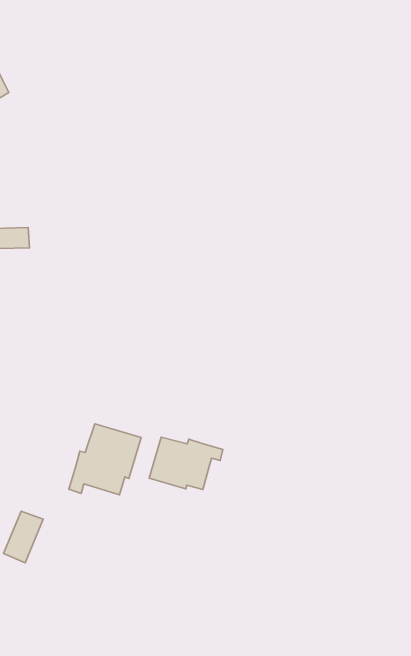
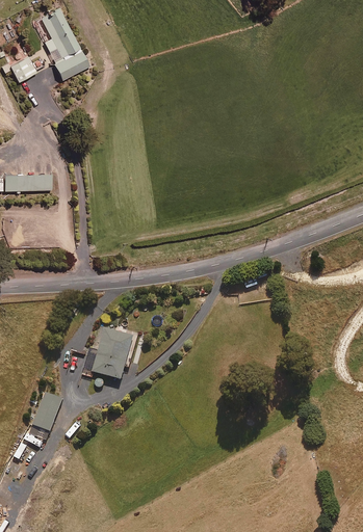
building: none -> [41,8,88,80]
building: [149,437,223,490] -> none

